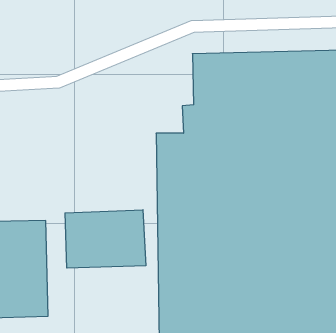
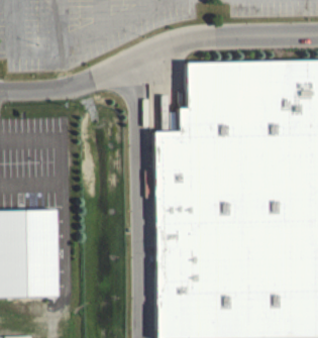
building: [65,210,146,268] -> none

